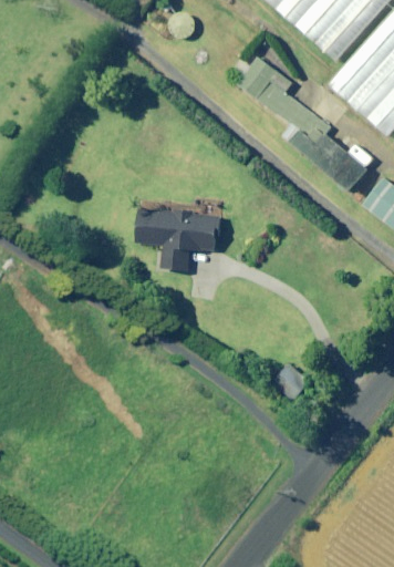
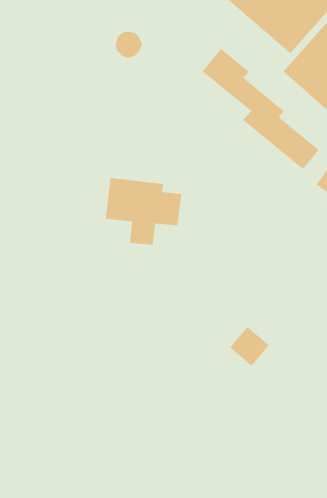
building: [168,9,198,39] -> [115,31,143,58]

